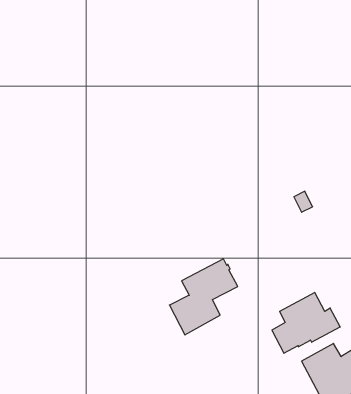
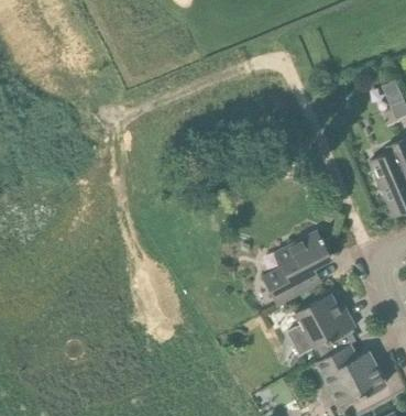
building: [169,259,238,335] -> [262,231,330,307]

